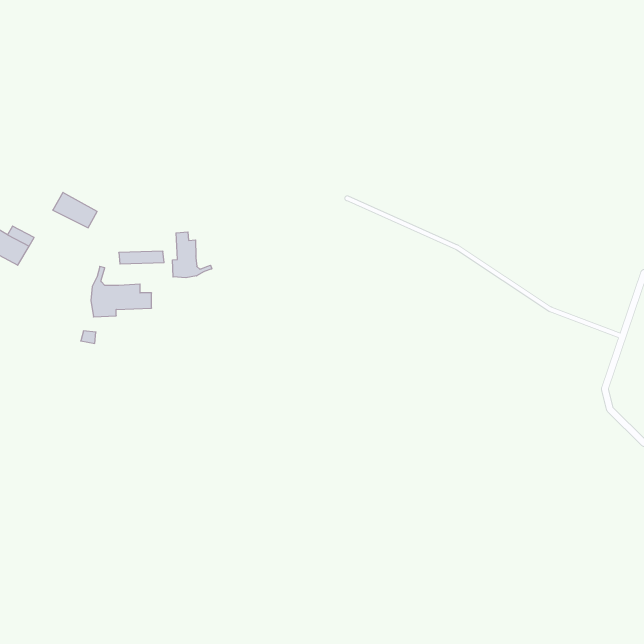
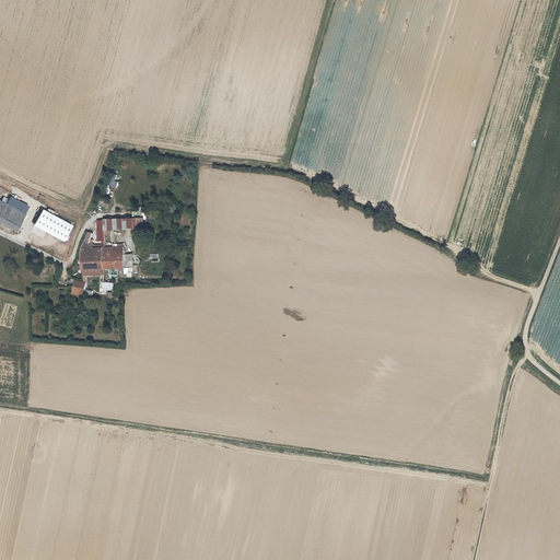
building: [53,192,97,228] -> [34,209,72,240]
building: [173,232,212,278] -> none

